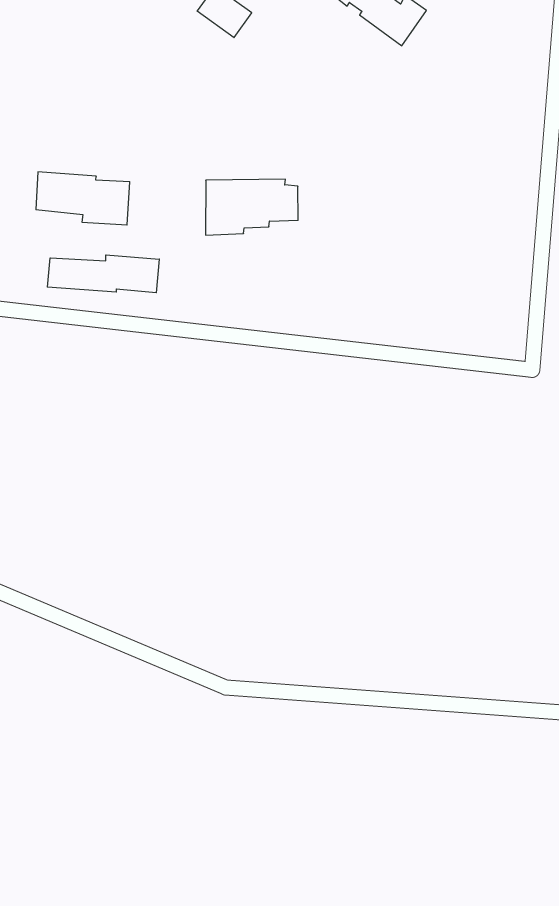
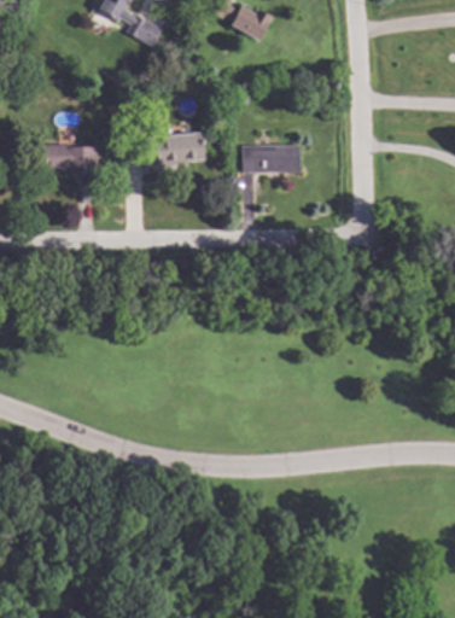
building: none -> [244,145,302,171]
building: [47,255,159,293] -> none

